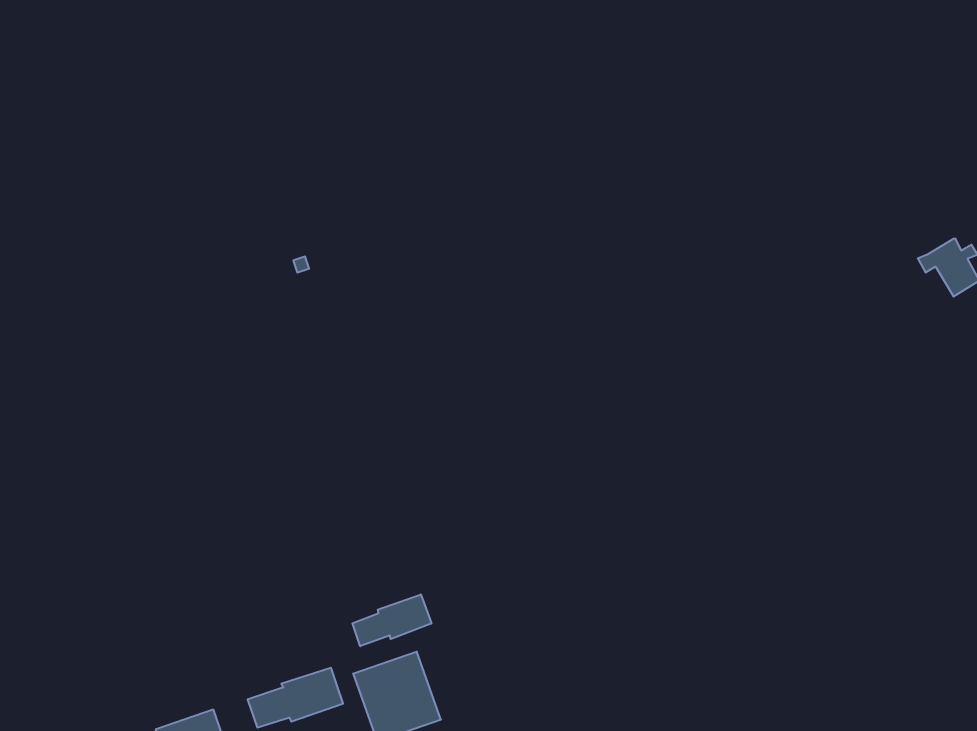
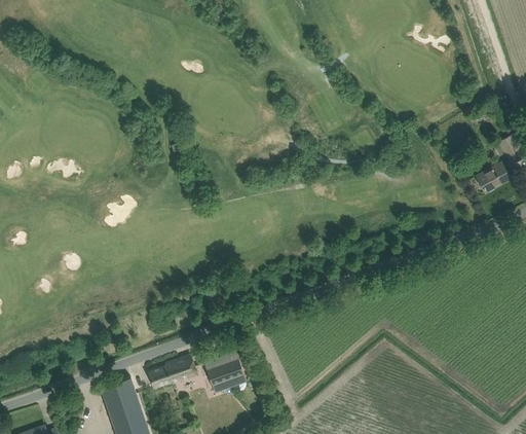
building: none -> [476,164,510,193]
building: [352,594,431,646] -> none

